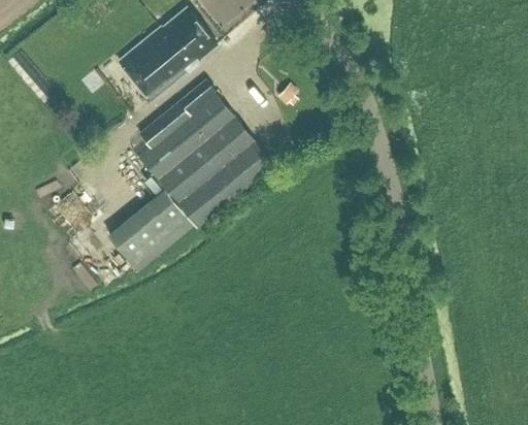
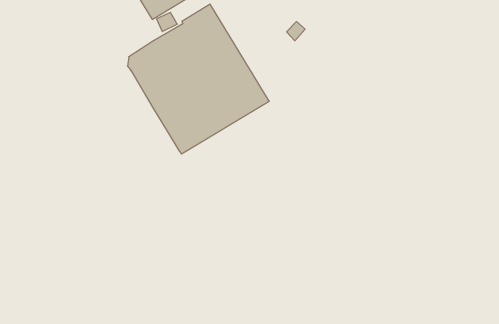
building: [104,185,195,269] -> none

